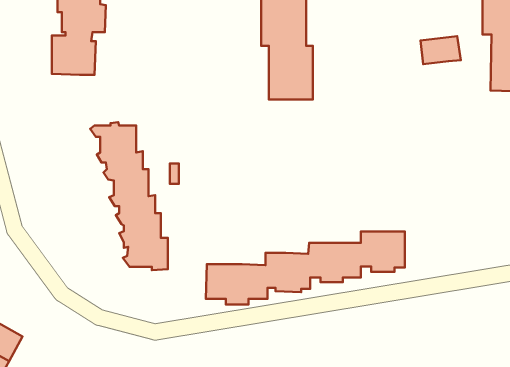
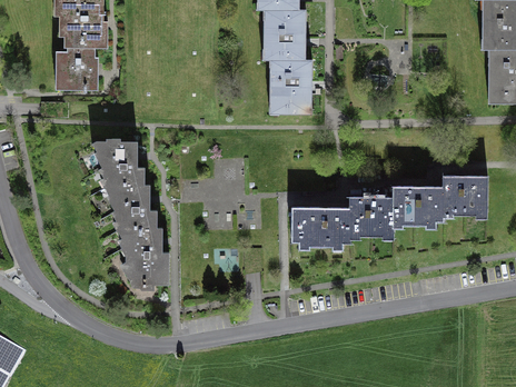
building: [421,36,461,64] -> none
building: [206,232,405,305] -> [290,175,487,247]

